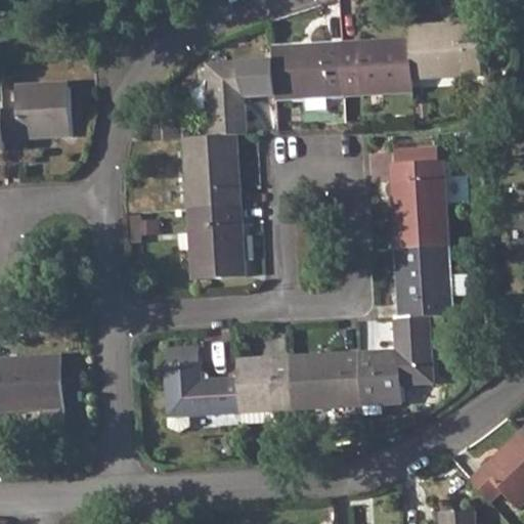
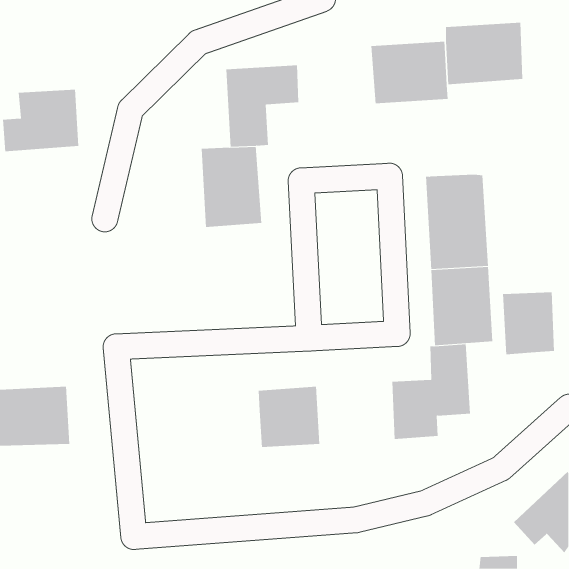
building: [273,42,344,99] -> none
building: [188,205,245,278] -> none
building: none -> [502,292,555,355]
building: [291,350,361,407] -> none
building: [165,361,239,431] -> none

